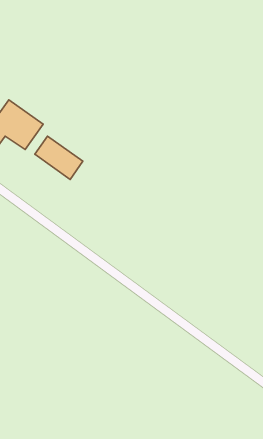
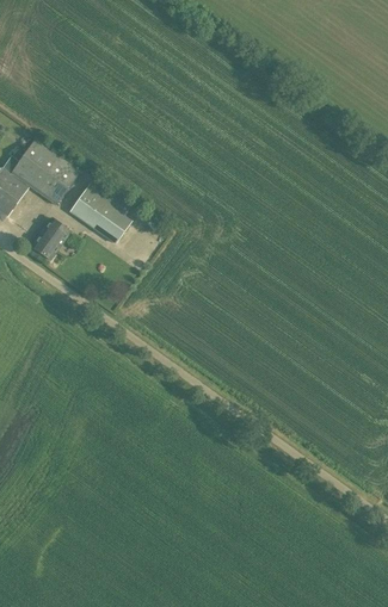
building: none -> [30,218,70,260]

